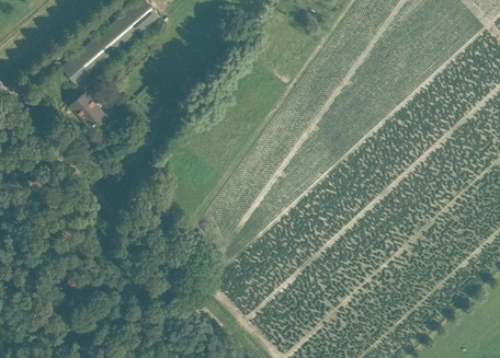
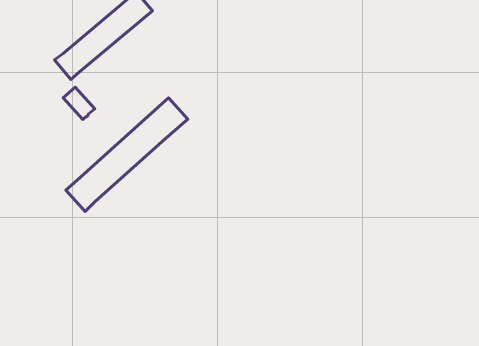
building: none -> [66,98,188,211]

